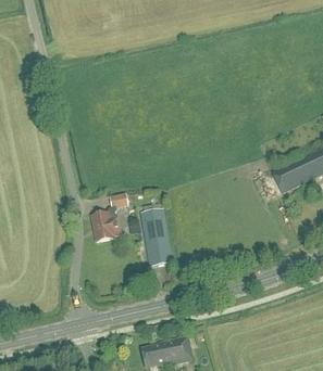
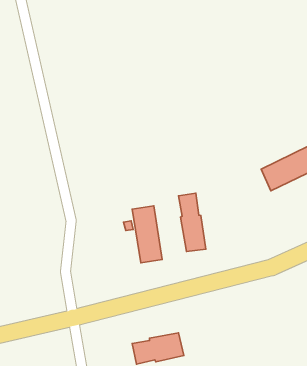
building: [91,193,127,241] -> none
building: none -> [179,193,206,251]

